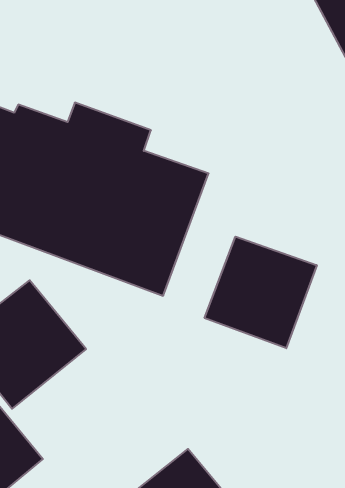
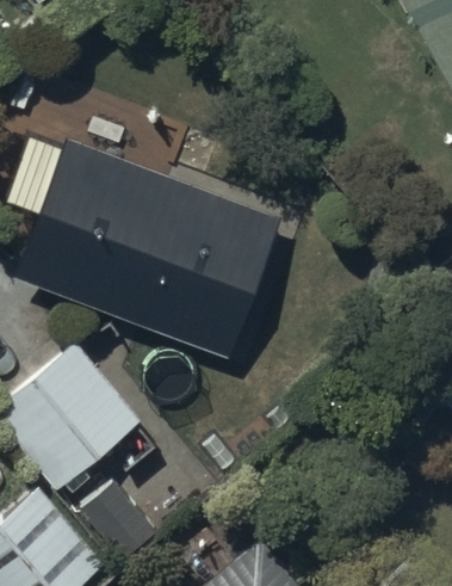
building: [205,237,317,348] -> none

